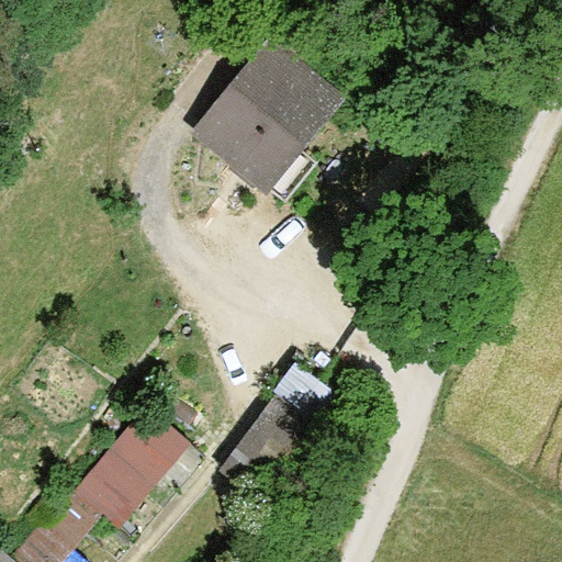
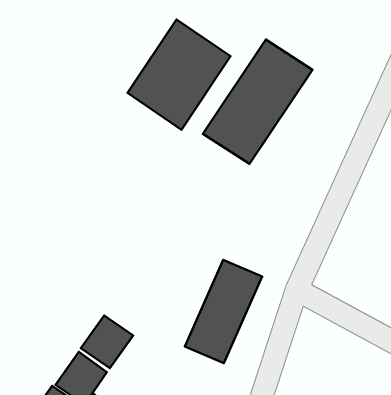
building: none -> [203,39,312,164]

